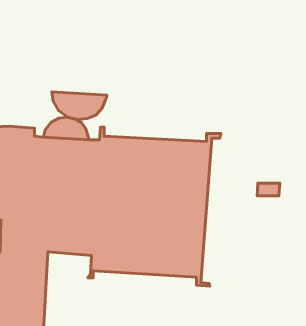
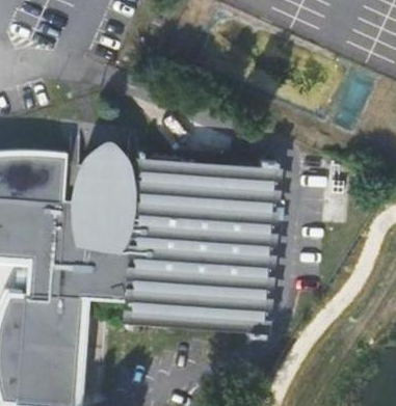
building: [52,92,107,120] -> none

